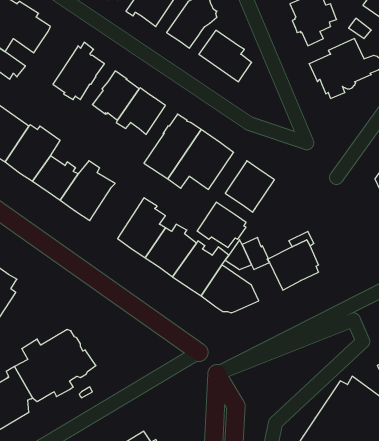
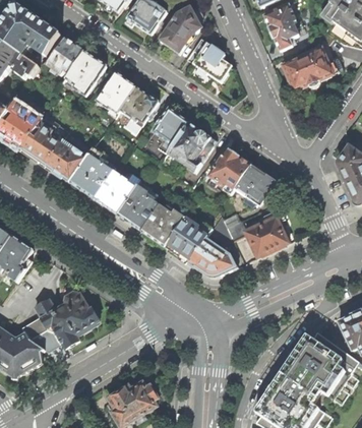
building: none -> [46,38,83,74]
building: none -> [94,170,139,213]
building: [197,202,246,248] -> [234,164,276,202]

